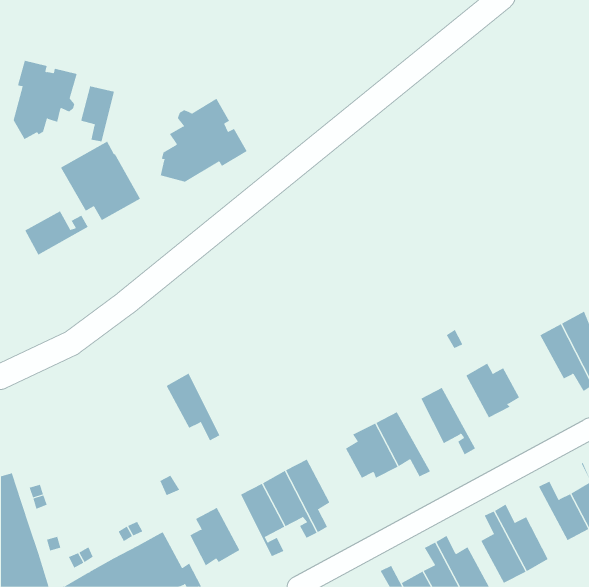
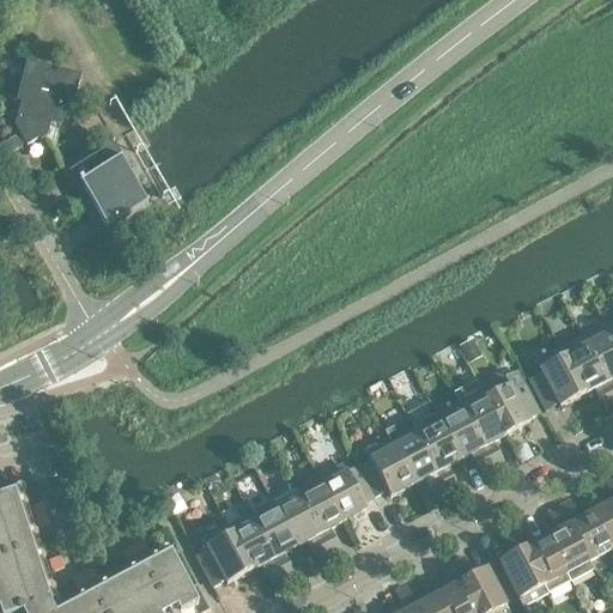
building: [80,86,114,142] -> none
building: [160,98,248,182] -> none
building: [25,210,88,255] -> none
building: none -> [530,347,585,409]
building: [166,373,220,441] -> [226,512,283,583]
building: none -> [460,389,508,465]
building: none -> [413,413,461,488]
building: none -> [320,463,376,521]
building: none -> [547,504,593,579]

